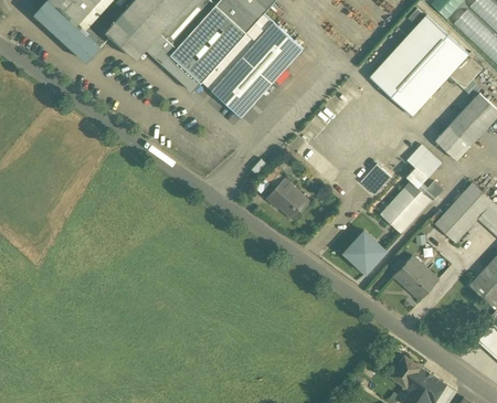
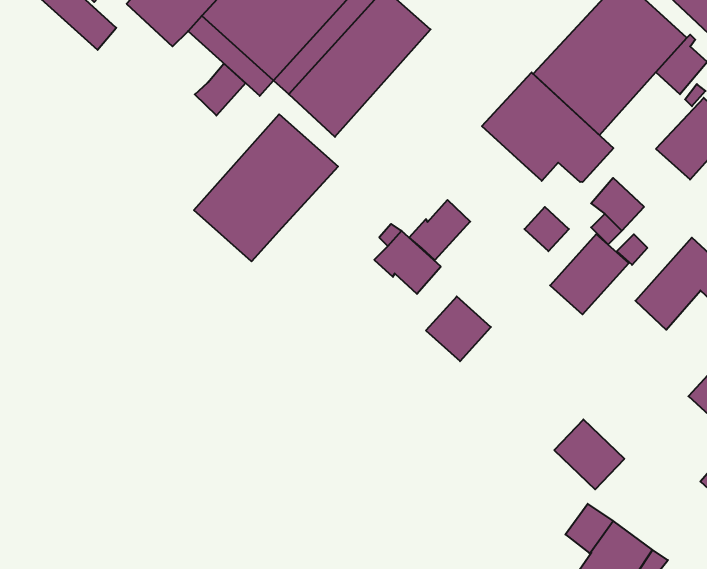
building: none -> [195,63,245,116]
building: none -> [482,72,613,182]
building: none -> [194,114,338,261]
building: [435,126,470,161] -> none
building: none -> [409,200,470,260]
building: [343,232,385,274] -> [426,296,491,361]
building: [393,255,438,300] -> [554,419,624,489]

